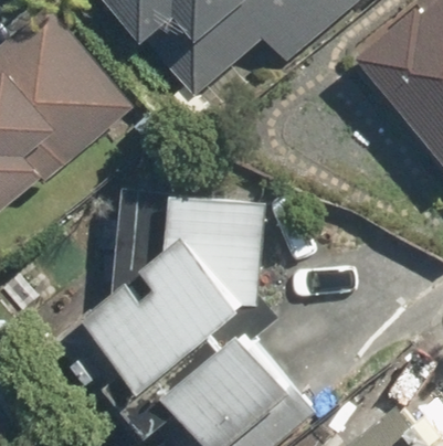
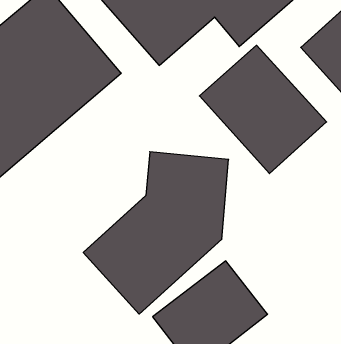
building: none -> [199,45,327,174]

